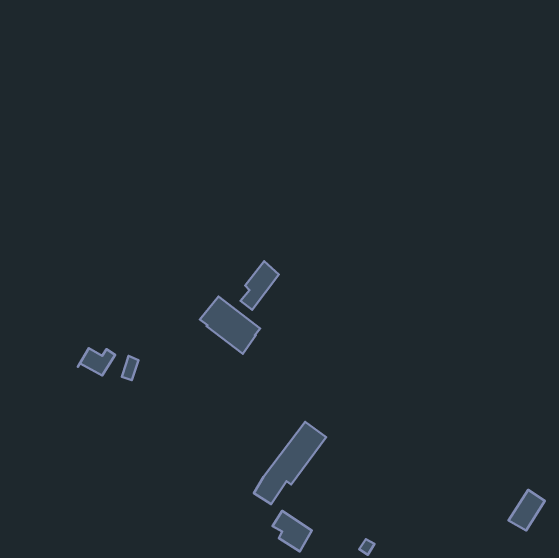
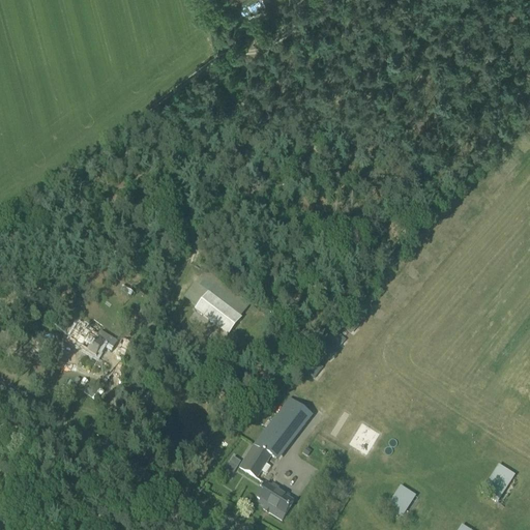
building: [240,261,279,310] -> none
building: none -> [388,483,415,512]

